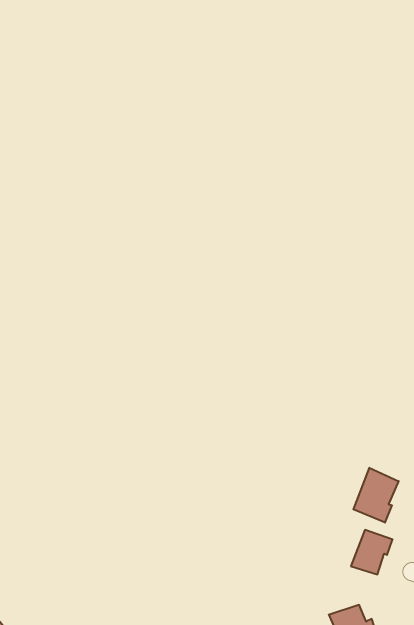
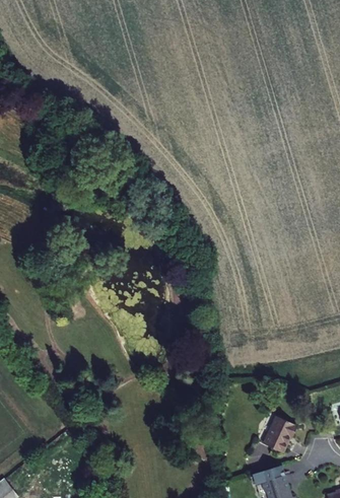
building: [353,468,399,523] -> none

